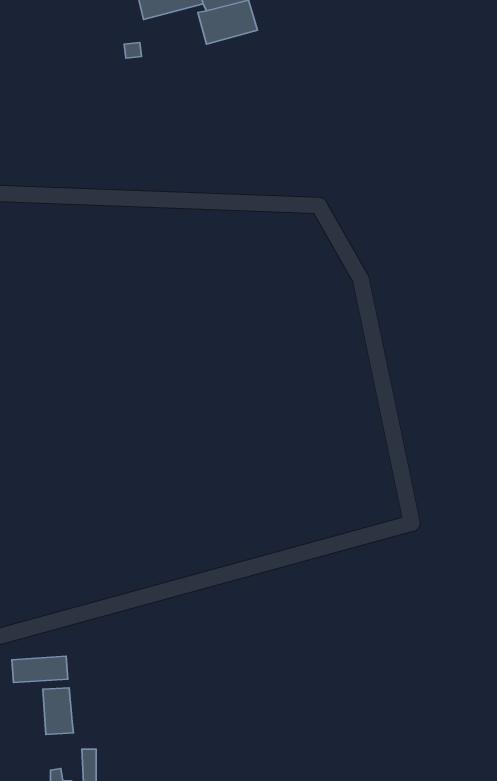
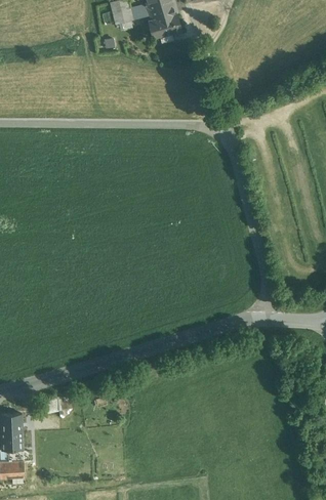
building: [43,688,74,735] -> none

